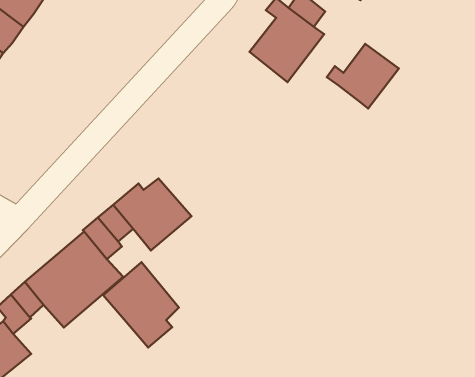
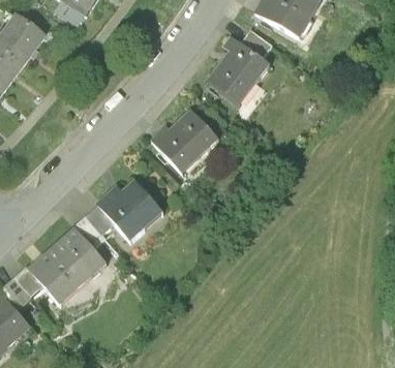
building: [327,44,399,109] -> none
building: none -> [151,109,219,173]
building: [103,262,179,348] -> none

